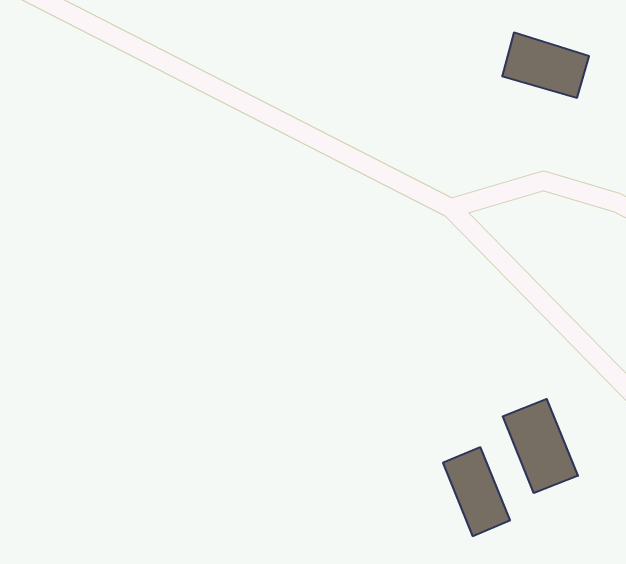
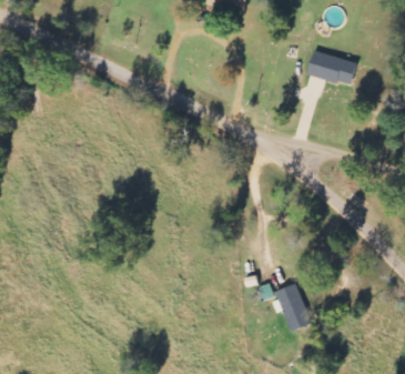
building: [503,399,578,493] -> none

